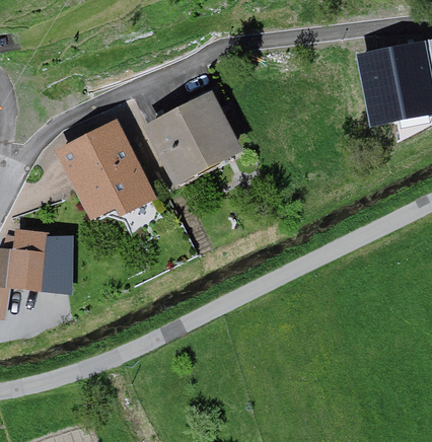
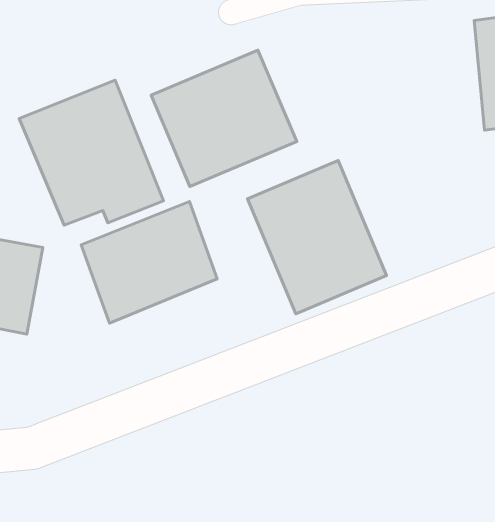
building: none -> [248,161,386,314]
building: none -> [81,202,217,323]

